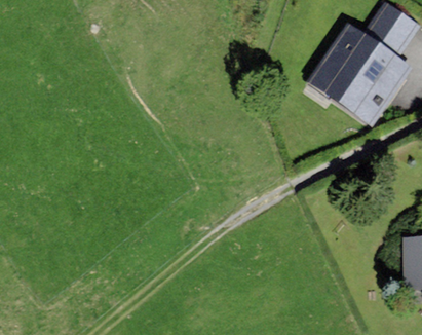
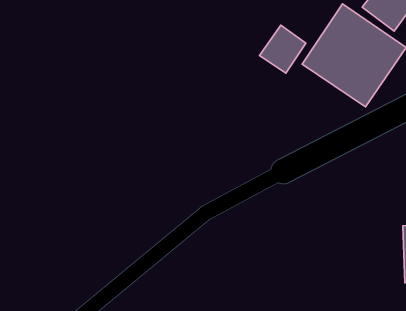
building: none -> [260,25,306,73]

